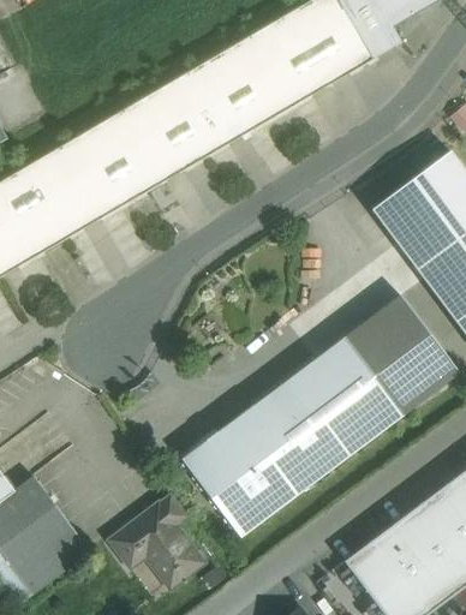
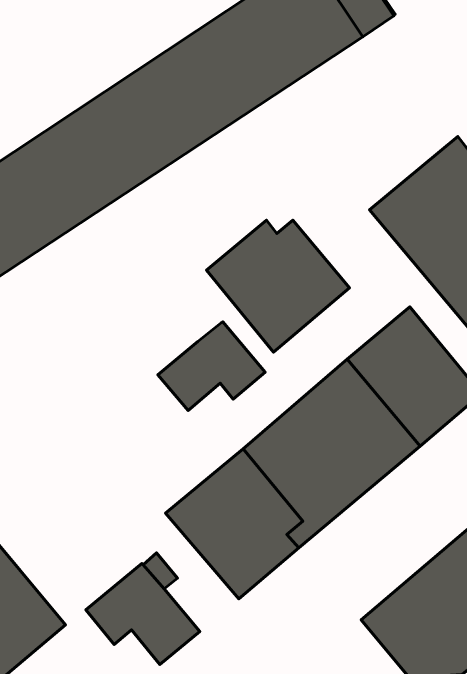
building: none -> [207,220,350,352]
building: none -> [158,322,265,410]

